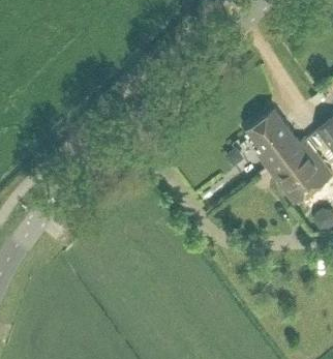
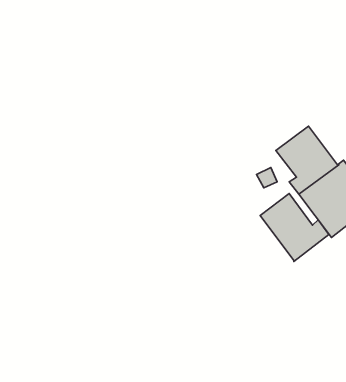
building: none -> [260,194,329,262]

